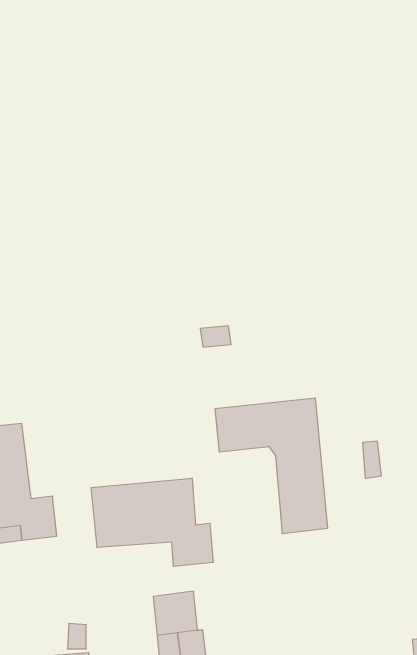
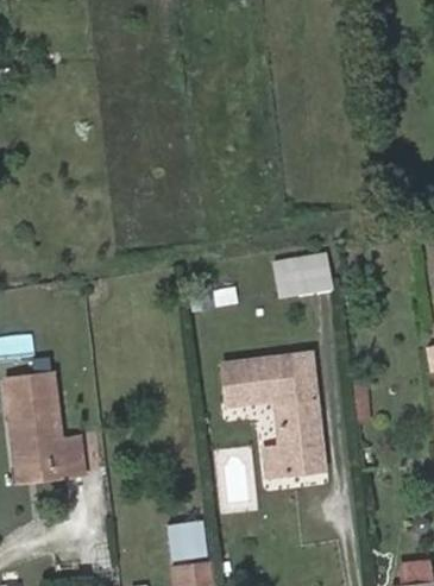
building: none -> [275,260,329,297]
building: [91,478,213,566] -> none

